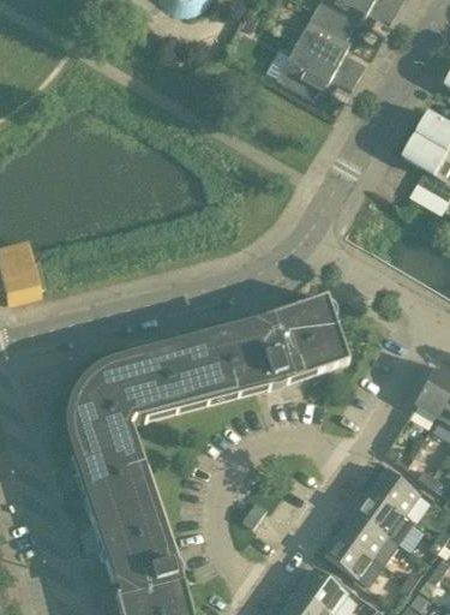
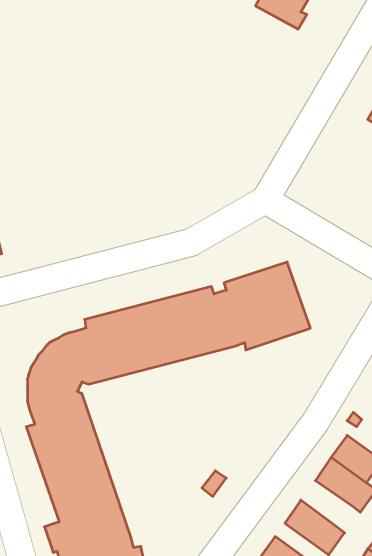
building: [276,44,337,98] -> none
building: [340,512,389,556] -> none

